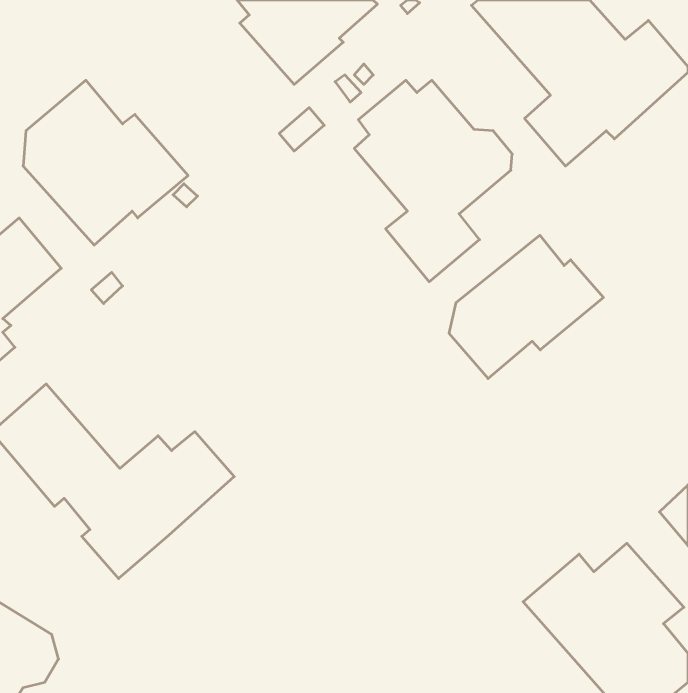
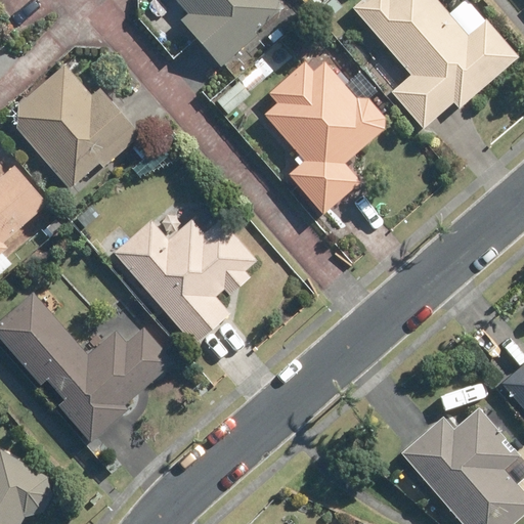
building: [449,235,603,379] -> none
building: none -> [114,216,256,342]

